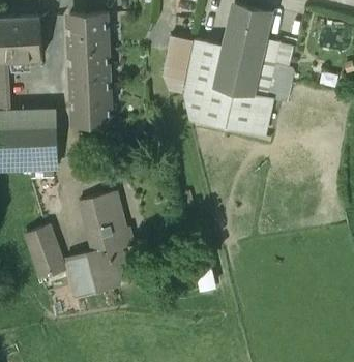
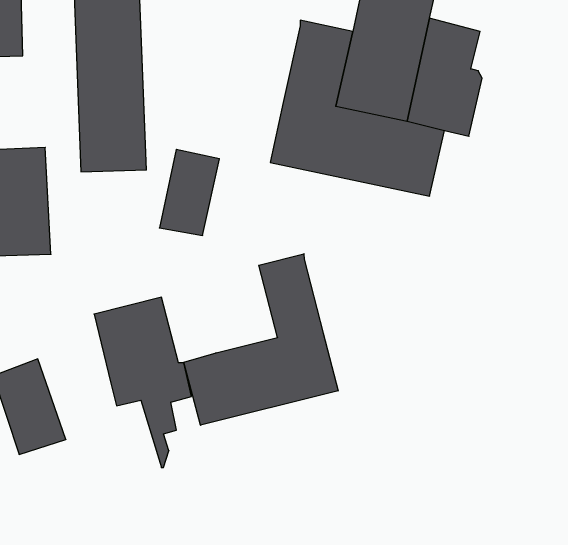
building: [163,37,196,85] -> [159,149,219,235]
building: none -> [184,254,338,425]
building: [67,249,119,297] -> none

